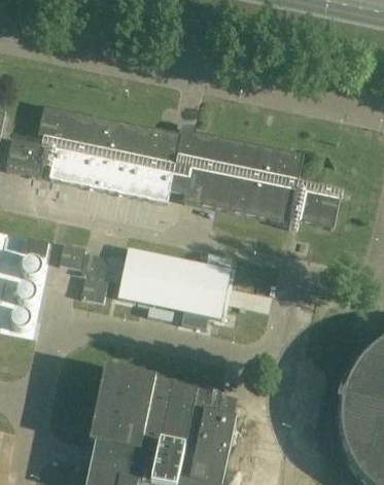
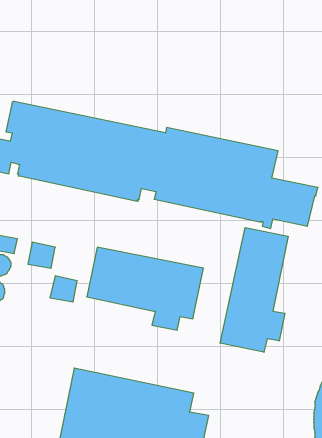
building: none -> [220,228,288,352]

